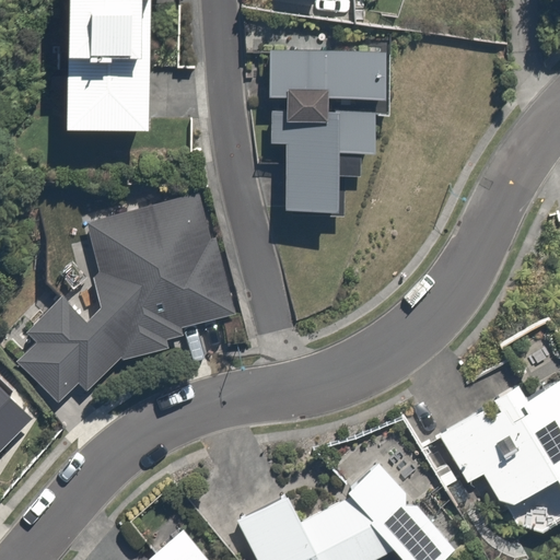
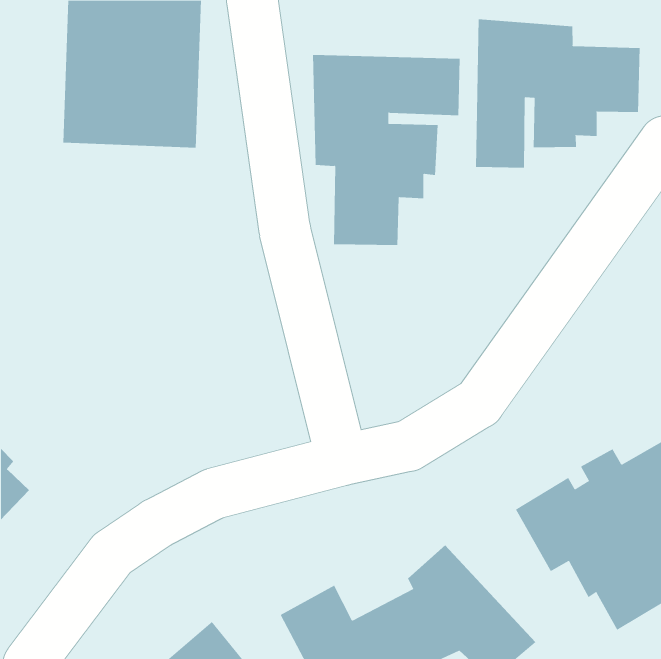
building: none -> [475,18,640,169]
building: [16,194,235,404] -> none

